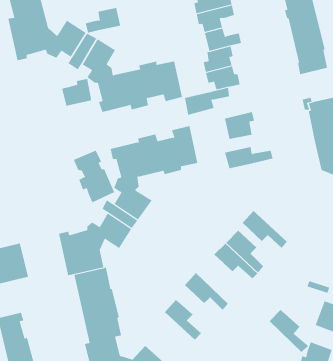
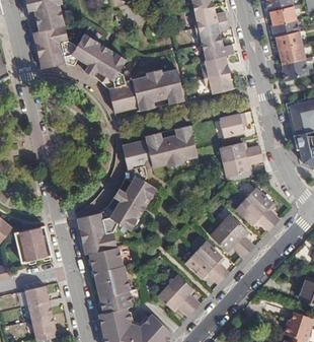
building: [85,7,121,34] -> none
building: [61,78,92,107] -> none
building: [184,87,230,115] -> [223,152,262,177]
building: [73,150,115,203] -> none
building: none -> [244,187,279,224]
building: [269,309,309,353] -> [194,241,229,278]
building: none -> [157,285,193,316]

